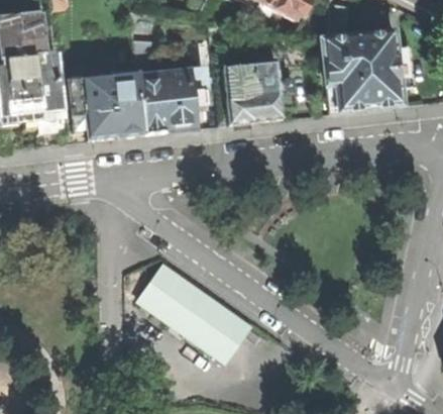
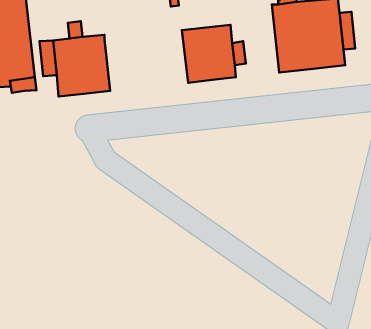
building: [137,69,207,132] -> none
building: [140,263,252,359] -> none

